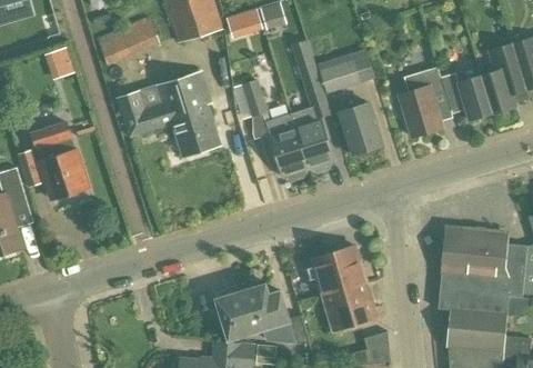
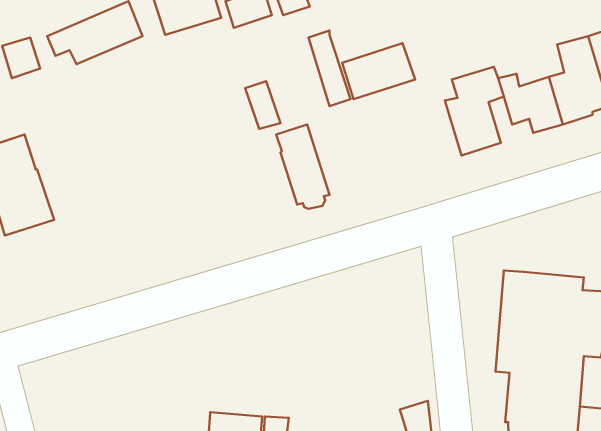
building: [117,71,221,158] -> none
building: [339,102,383,157] -> none
building: [290,106,333,175] -> none
building: [312,246,376,330] -> none
building: [215,284,310,344] -> none

